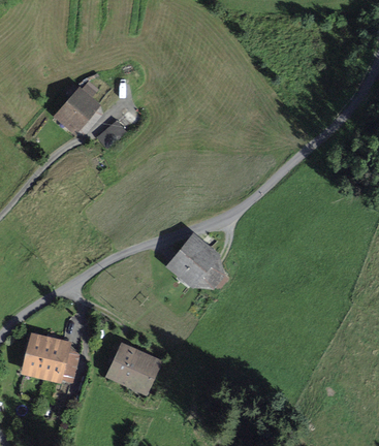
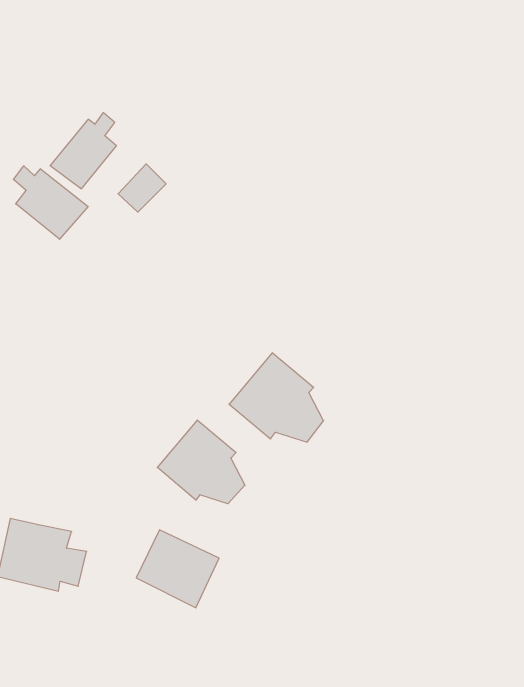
building: none -> [13,166,88,239]
building: none -> [157,420,245,504]

